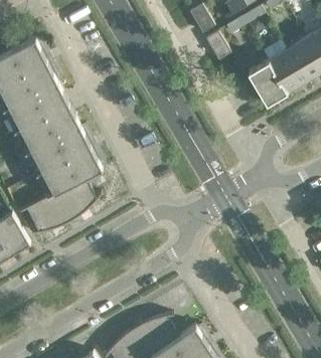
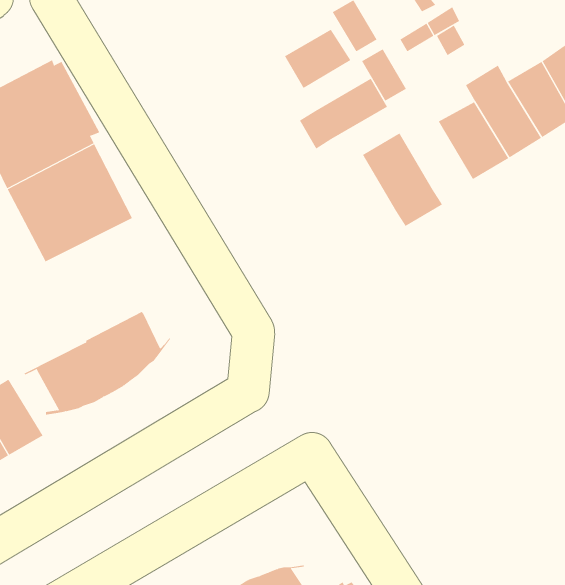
building: none -> [284,29,351,89]
building: none -> [299,78,388,149]
building: none -> [362,132,443,227]
building: [29,125,104,193] -> none

